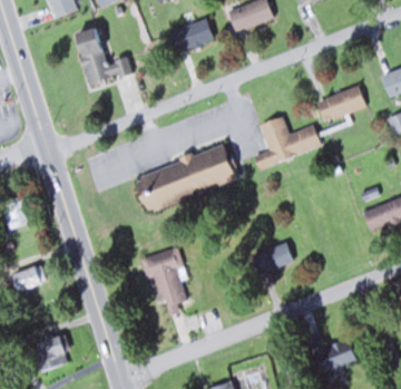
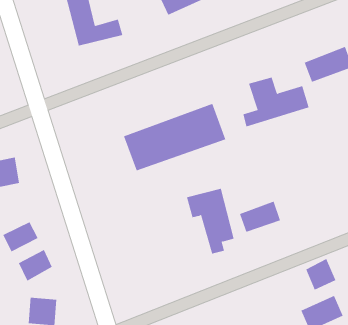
building: [140,249,189,315] -> [186,188,235,254]
building: none -> [18,249,52,282]
building: none -> [306,258,336,290]

